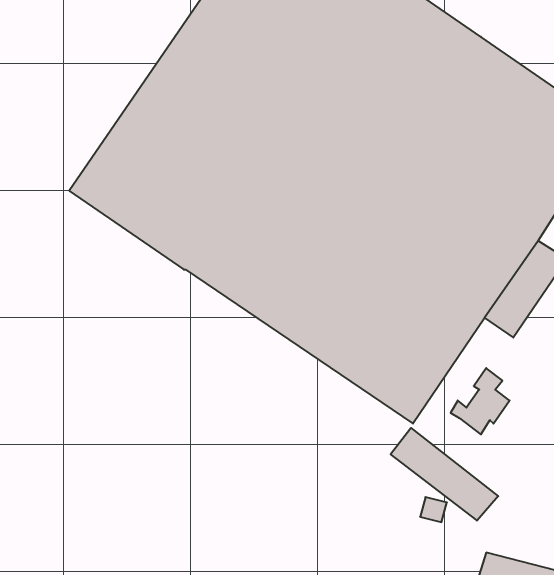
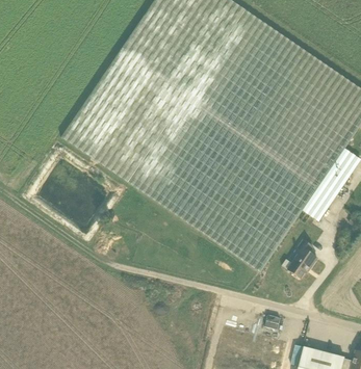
building: [391,428,498,521] -> none

